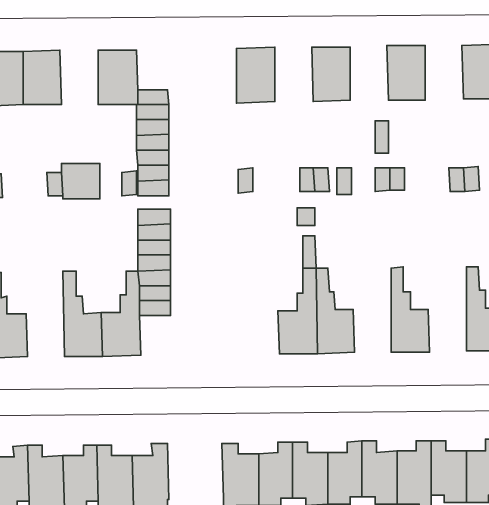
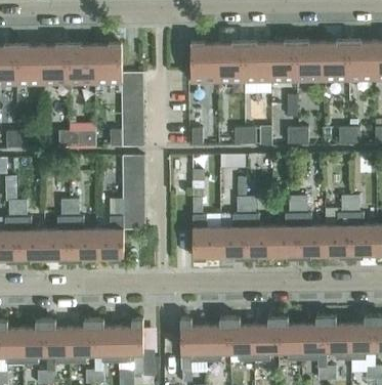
building: none -> [269,42,296,80]
building: none -> [322,42,348,80]
building: none -> [217,43,244,81]
building: none -> [68,45,94,83]
building: none -> [193,170,220,256]
building: none -> [324,196,350,255]
building: none -> [271,197,298,255]
building: none -> [44,199,71,258]

